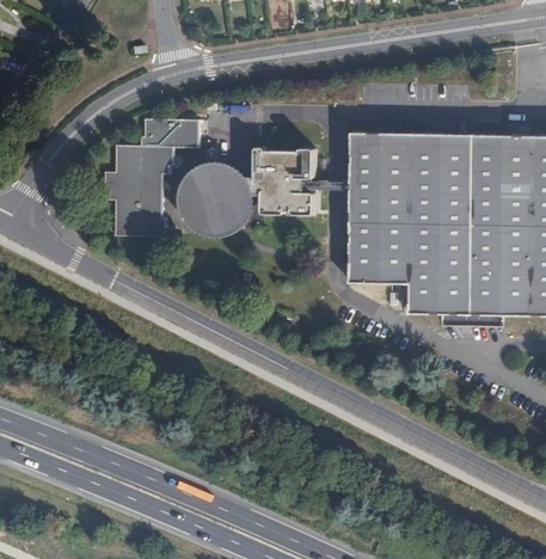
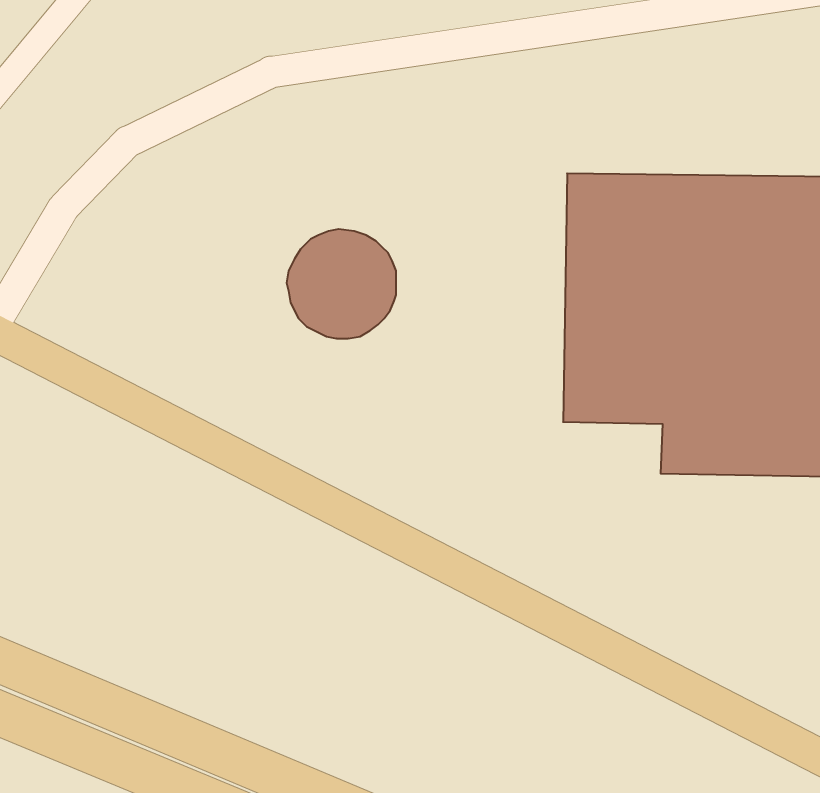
building: [104,121,198,239] -> none
building: [241,147,315,215] -> none

